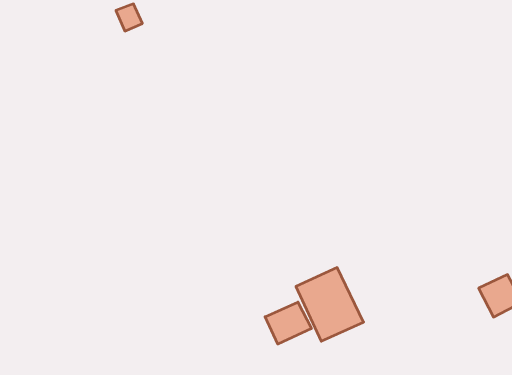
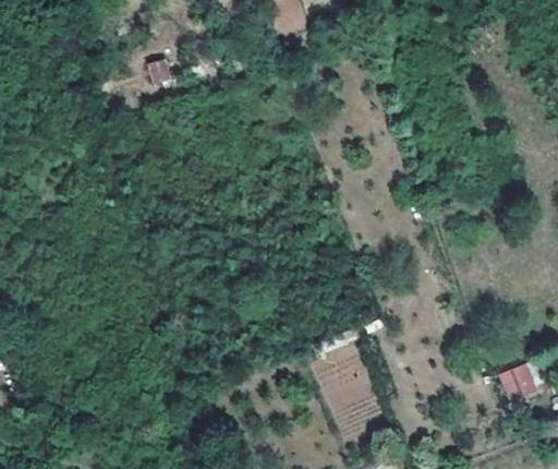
building: [265,302,311,344] -> none

